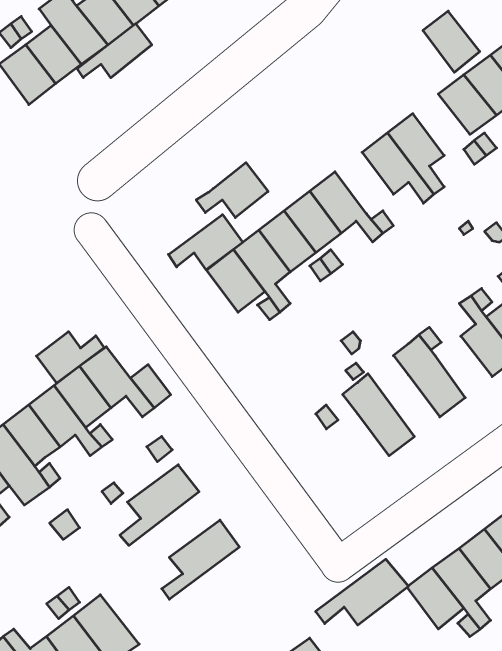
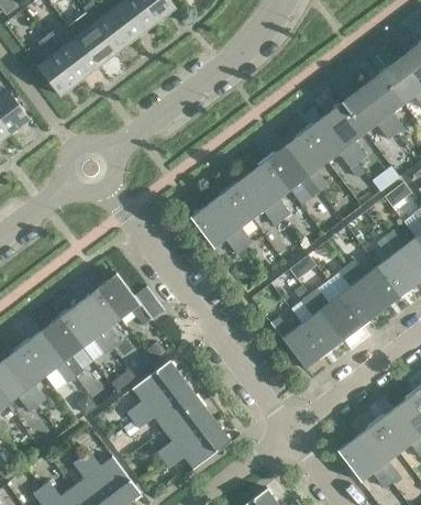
building: [423,11,480,72] -> [342,88,384,133]
building: [77,24,152,78] -> none
building: none -> [285,131,328,176]
building: [196,163,268,218] -> none
building: [168,215,243,270] -> none
building: [36,332,104,383] -> none
building: none -> [358,266,400,311]
building: none -> [309,281,362,340]
building: none -> [281,323,324,369]
building: none -> [133,381,200,429]
building: [316,559,408,625] -> [163,421,231,470]

